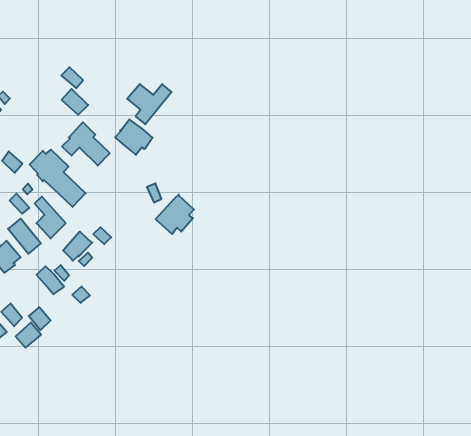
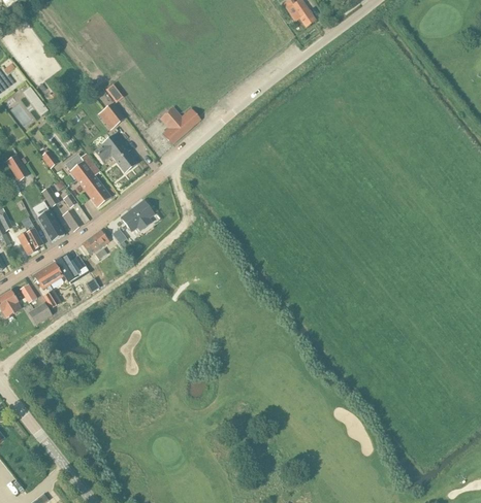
building: [115,119,153,155] -> none
building: [156,194,194,234] -> [119,198,154,232]
building: none -> [33,262,62,289]

